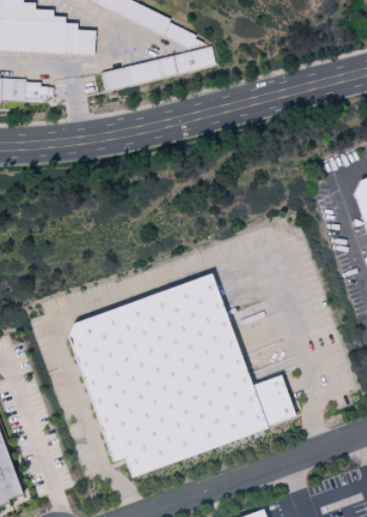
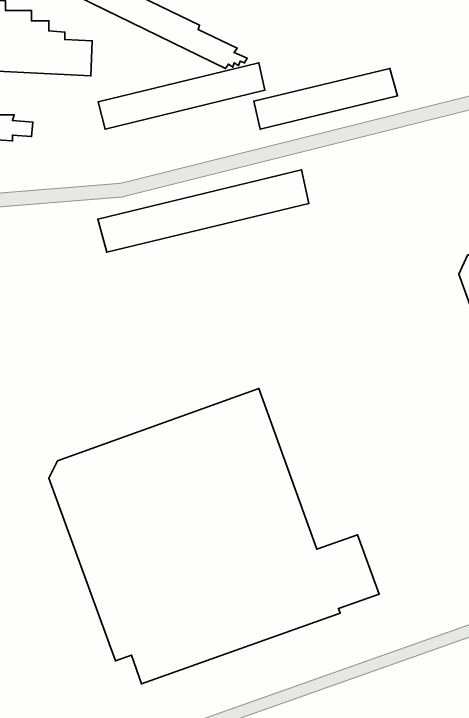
building: none -> [254,68,397,129]
building: none -> [98,170,309,252]

